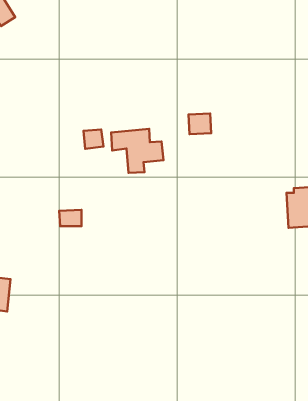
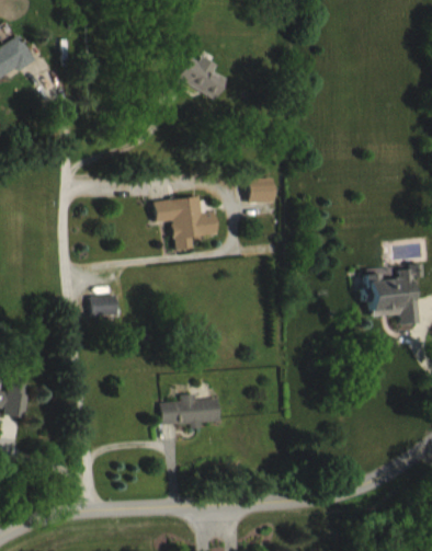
building: none -> [179,56,229,100]
building: [84,130,104,149] -> none
building: none -> [161,393,221,431]

